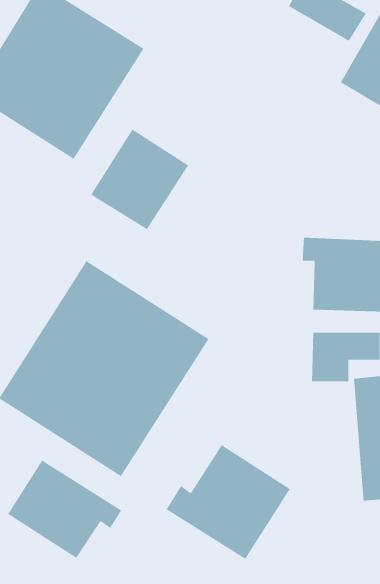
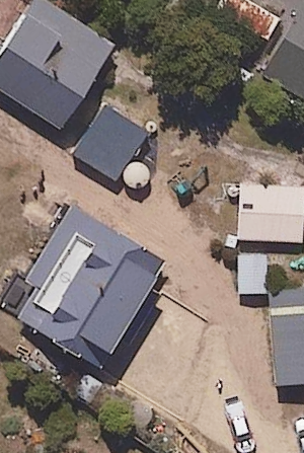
building: [166,444,291,560] -> none
building: [7,460,122,559] -> none

